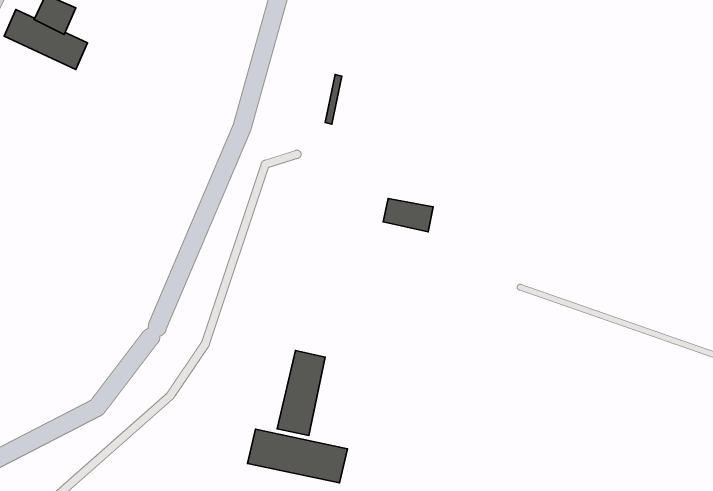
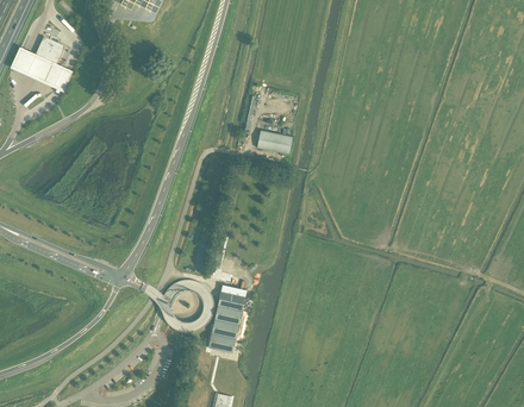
building: [383,199,433,232] -> [257,130,293,154]
building: [247,429,347,483] -> none

